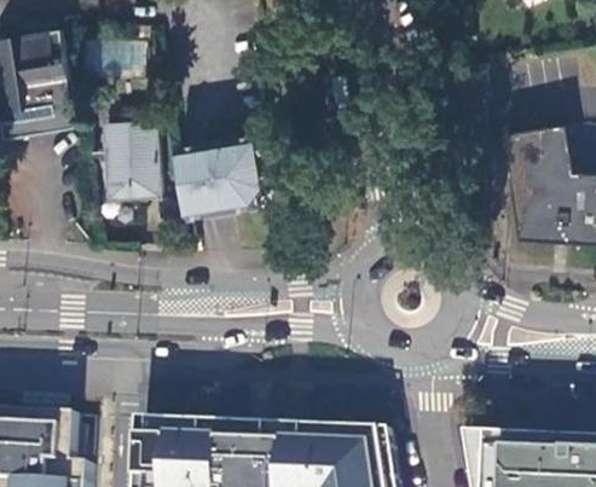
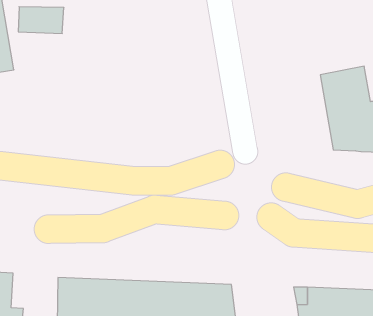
building: [106,123,157,195] -> none
building: [179,134,271,220] -> none

